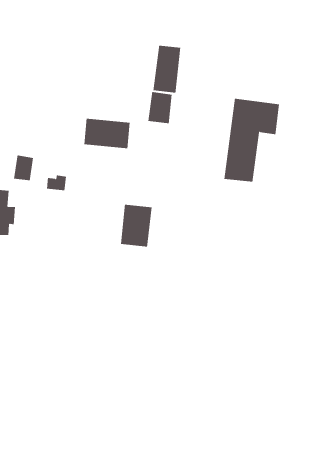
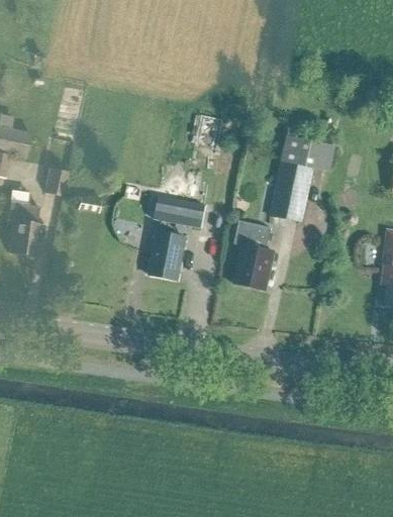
building: [153,45,181,94] -> none
building: [84,118,131,149] -> [153,195,205,232]
building: none -> [234,220,274,290]

